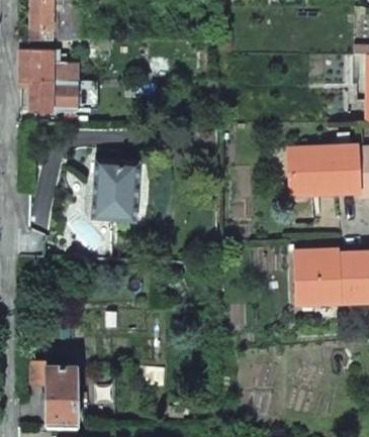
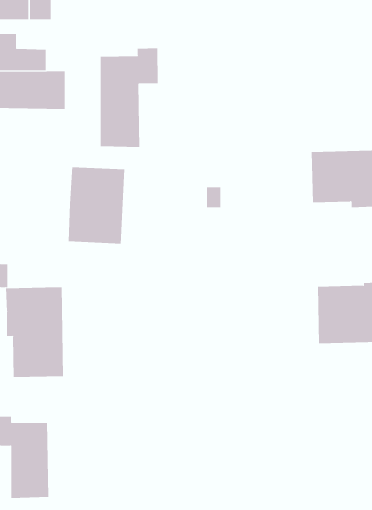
building: none -> [100,48,158,148]
building: none -> [6,286,64,378]

